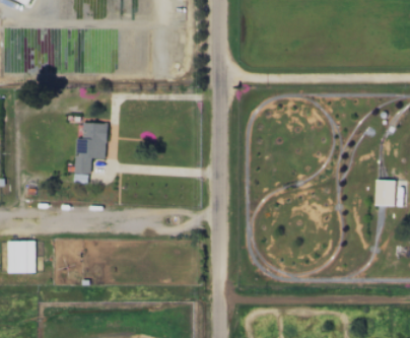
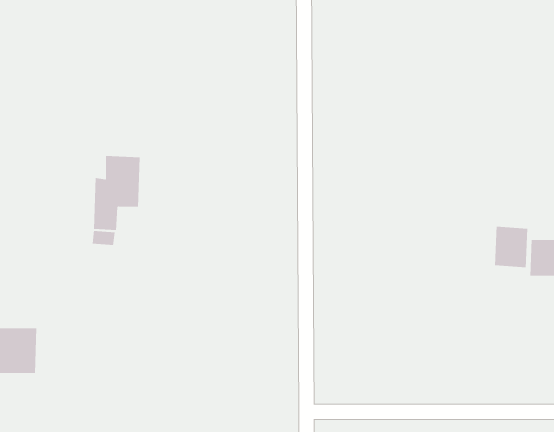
building: none -> [494,226,528,268]

